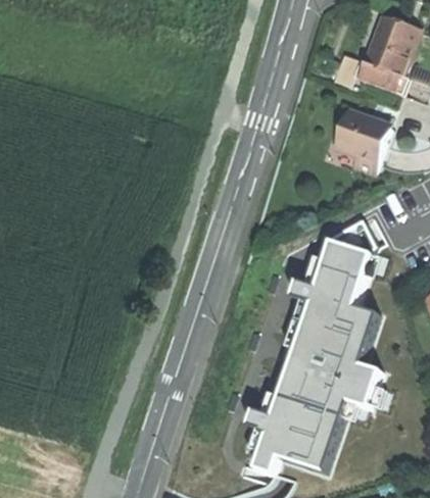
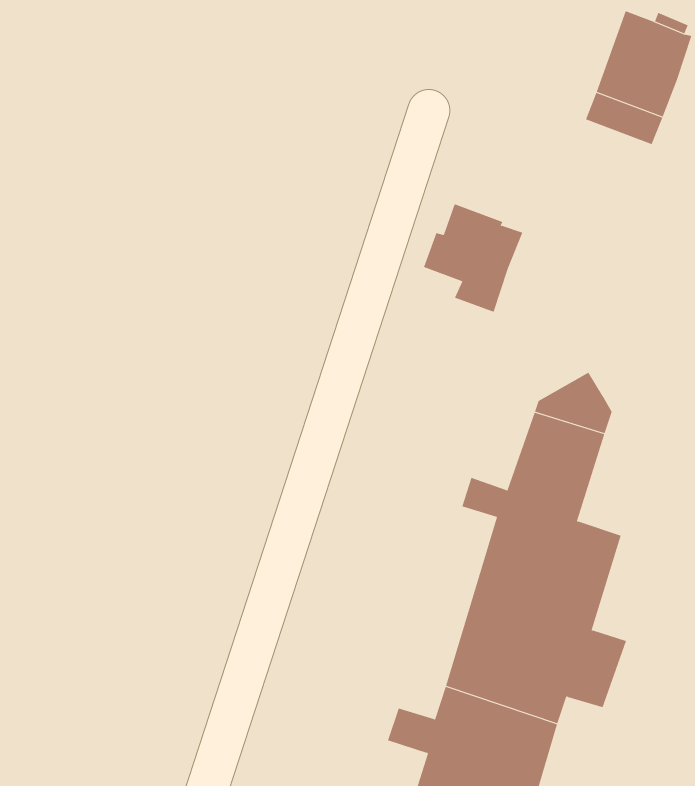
building: [333,110,389,171] -> [423,204,523,312]

